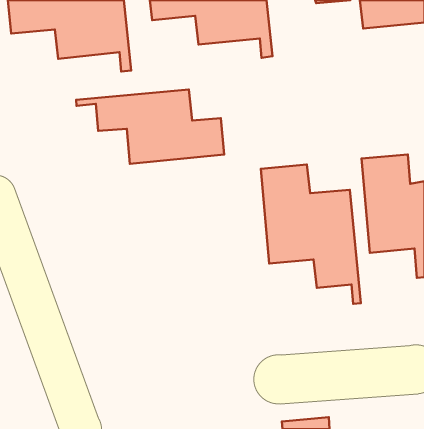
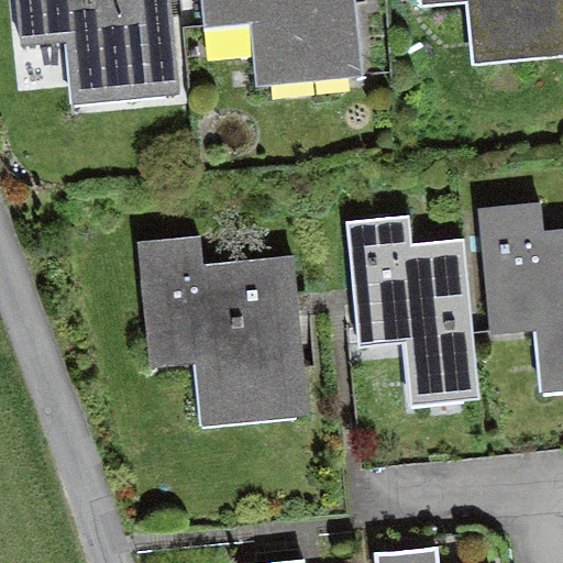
building: [76,89,224,164] -> none
building: none -> [137,235,306,415]

